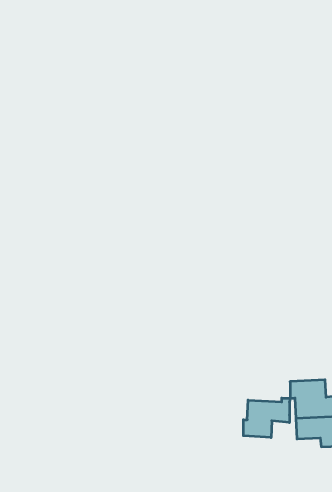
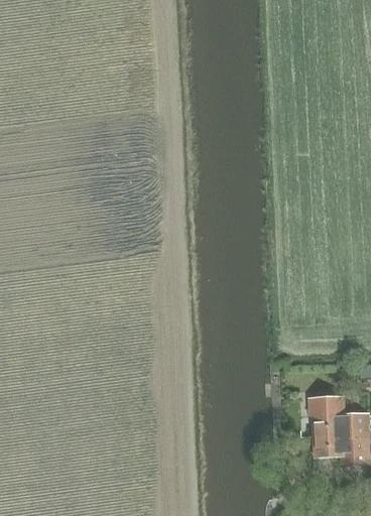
building: [243,398,290,438] -> none

